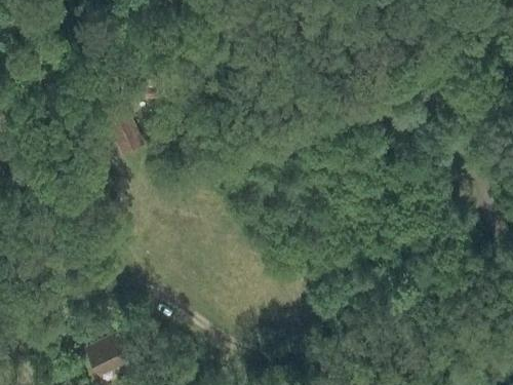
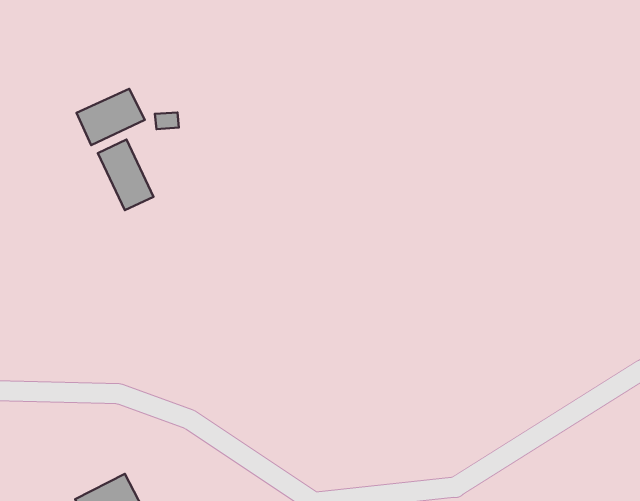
building: none -> [77,89,145,145]

